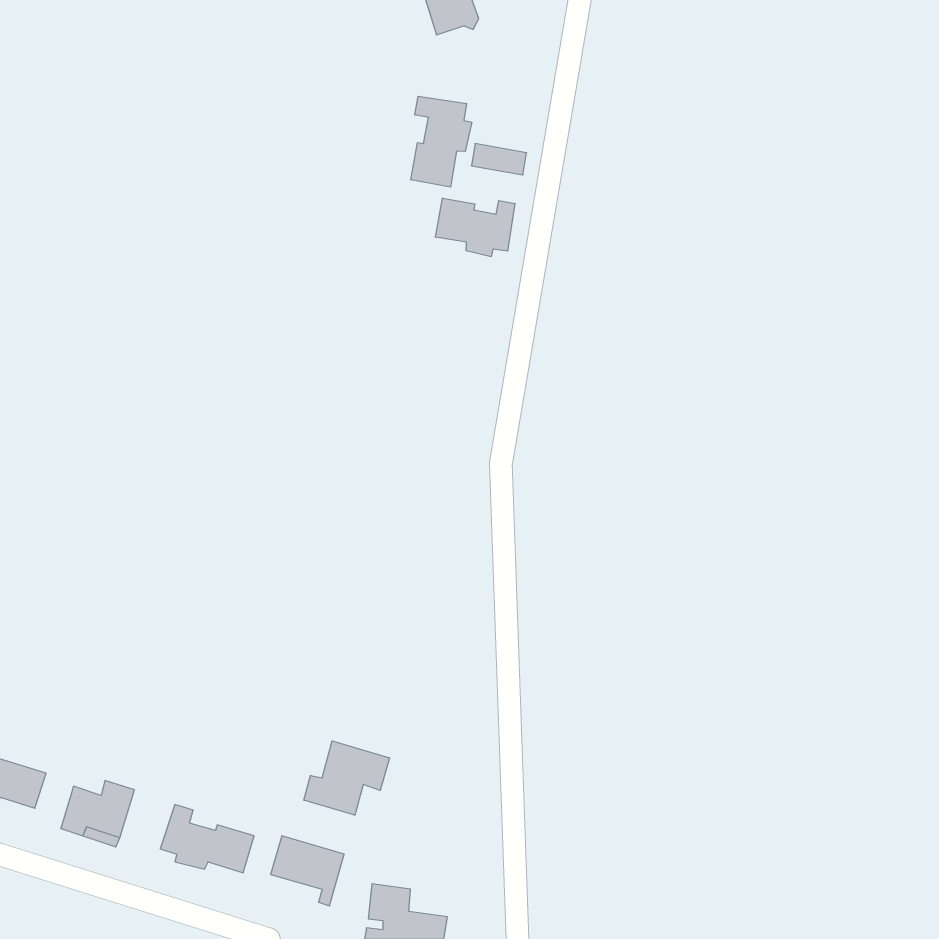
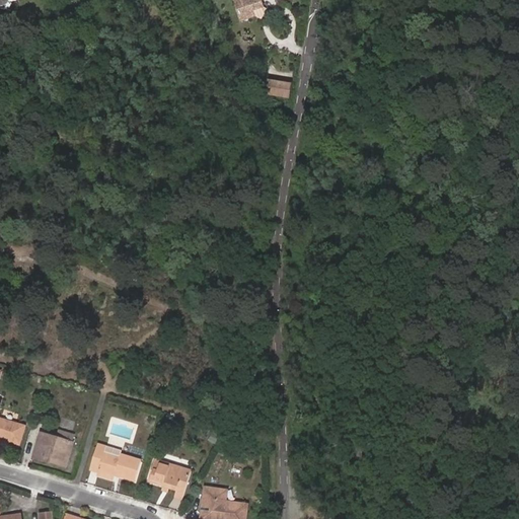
building: [411,96,472,187] -> none
building: [435,198,515,257] -> none
building: [304,741,390,815] -> none

